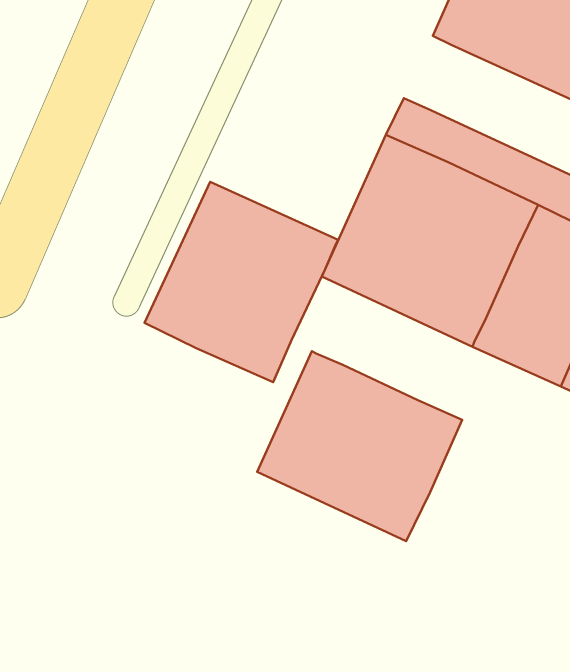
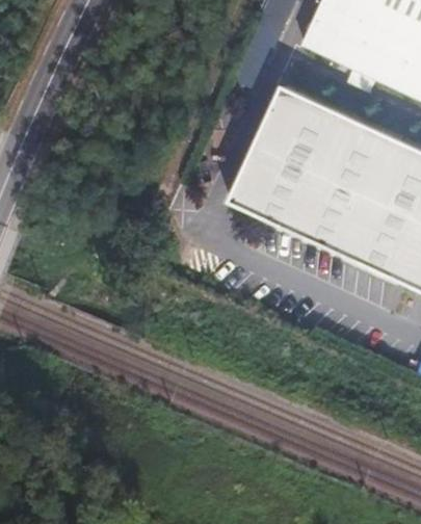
building: [144,182,338,382] -> none
building: [257,351,462,541] -> none

